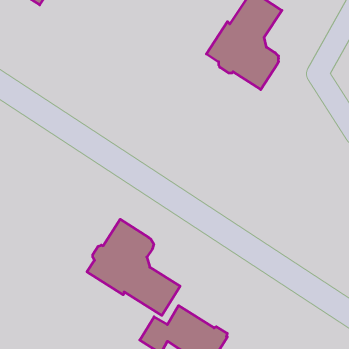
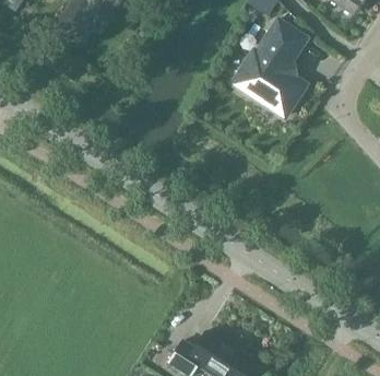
building: [87,219,180,315] -> none

